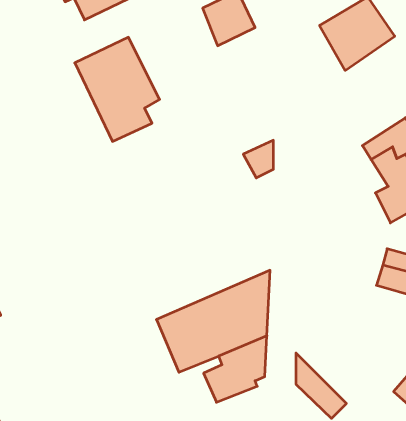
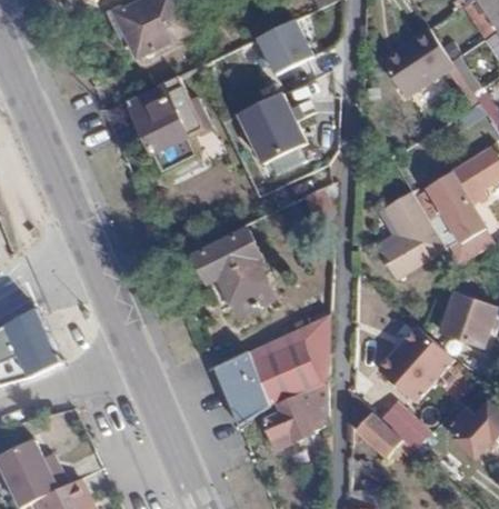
building: none -> [234,96,308,174]
building: none -> [379,194,443,282]
building: none -> [193,224,287,329]
building: none -> [378,330,452,406]
building: none -> [378,403,433,456]

